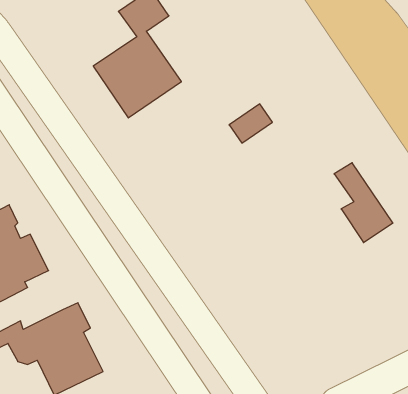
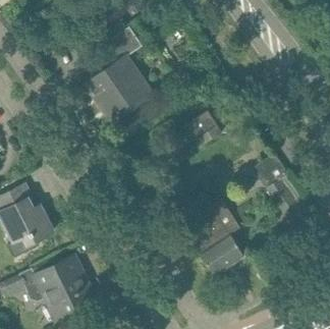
building: none -> [189,200,243,274]

